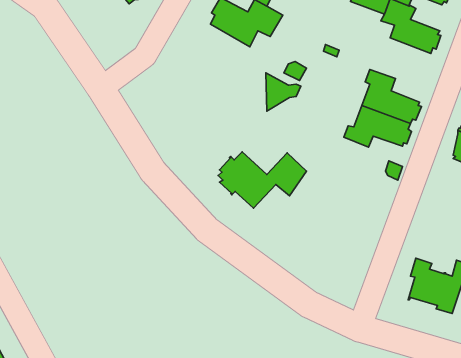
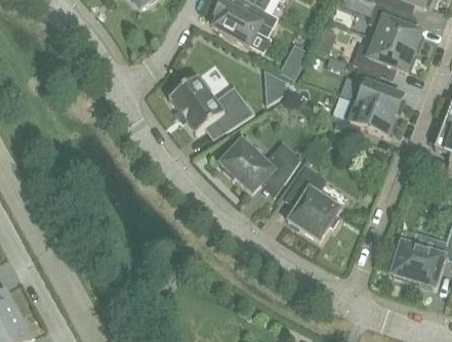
building: none -> [353,36,414,71]
building: none -> [168,75,254,132]
building: none -> [285,165,340,239]

